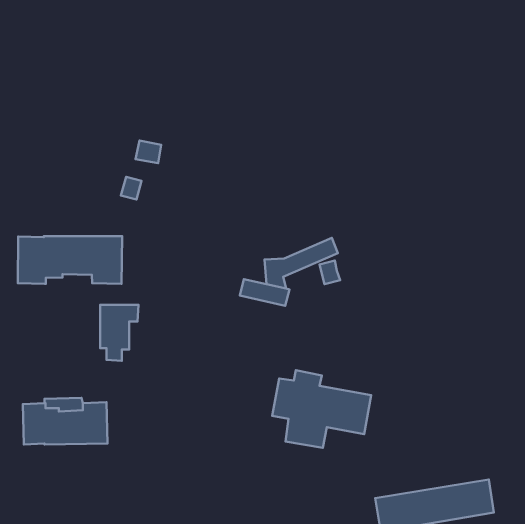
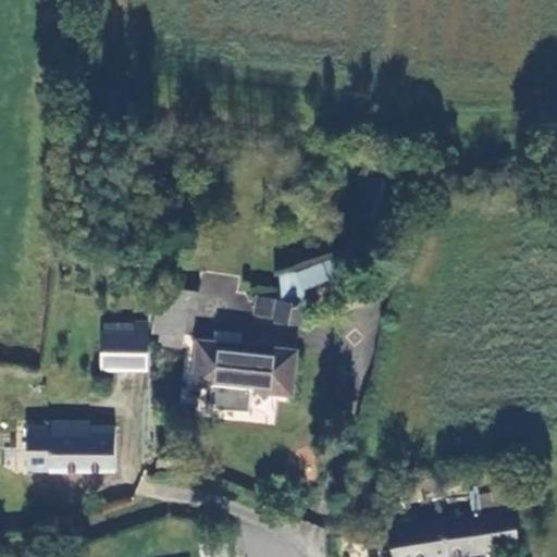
building: [18,236,122,284] -> none
building: [272,370,371,448] -> [190,331,295,412]

